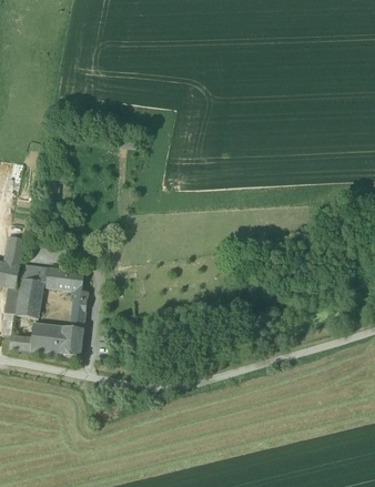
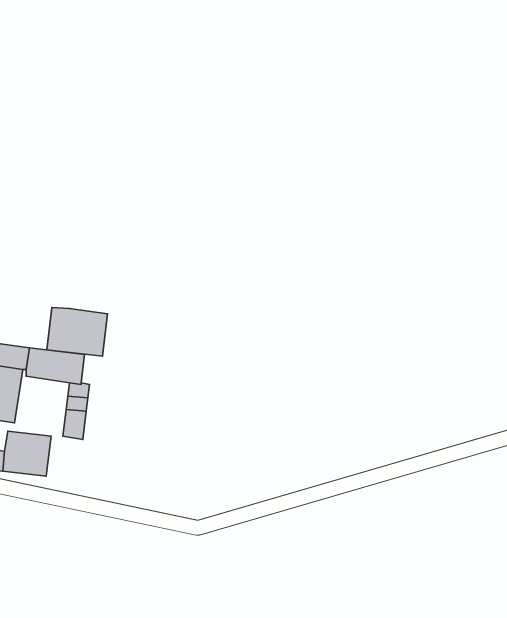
building: none -> [47,307,108,356]
building: [59,326,83,355] -> none

